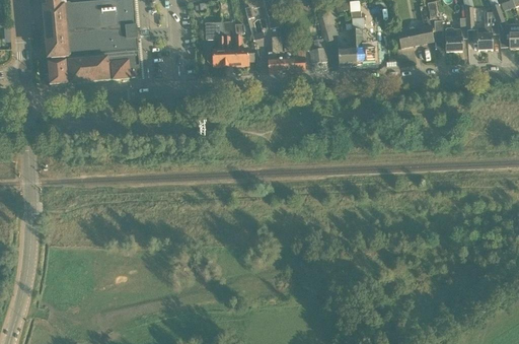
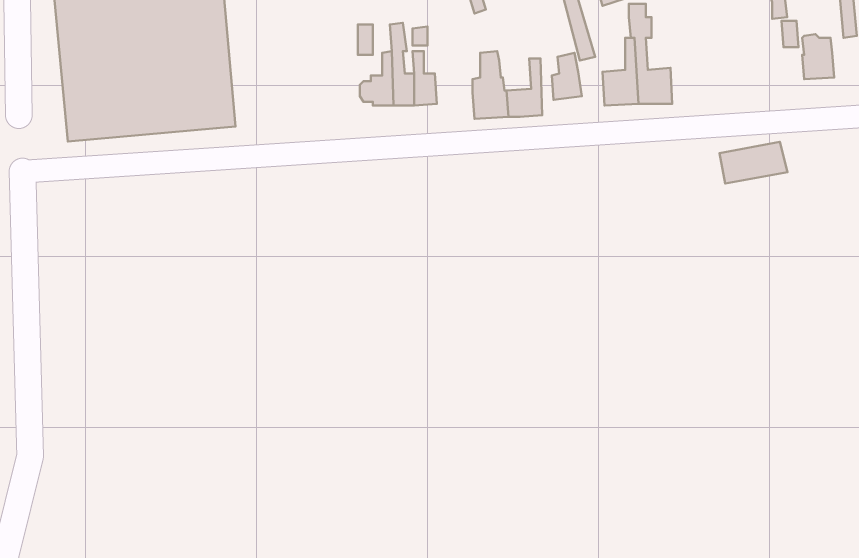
building: [397,24,434,47] -> [720,142,787,183]

